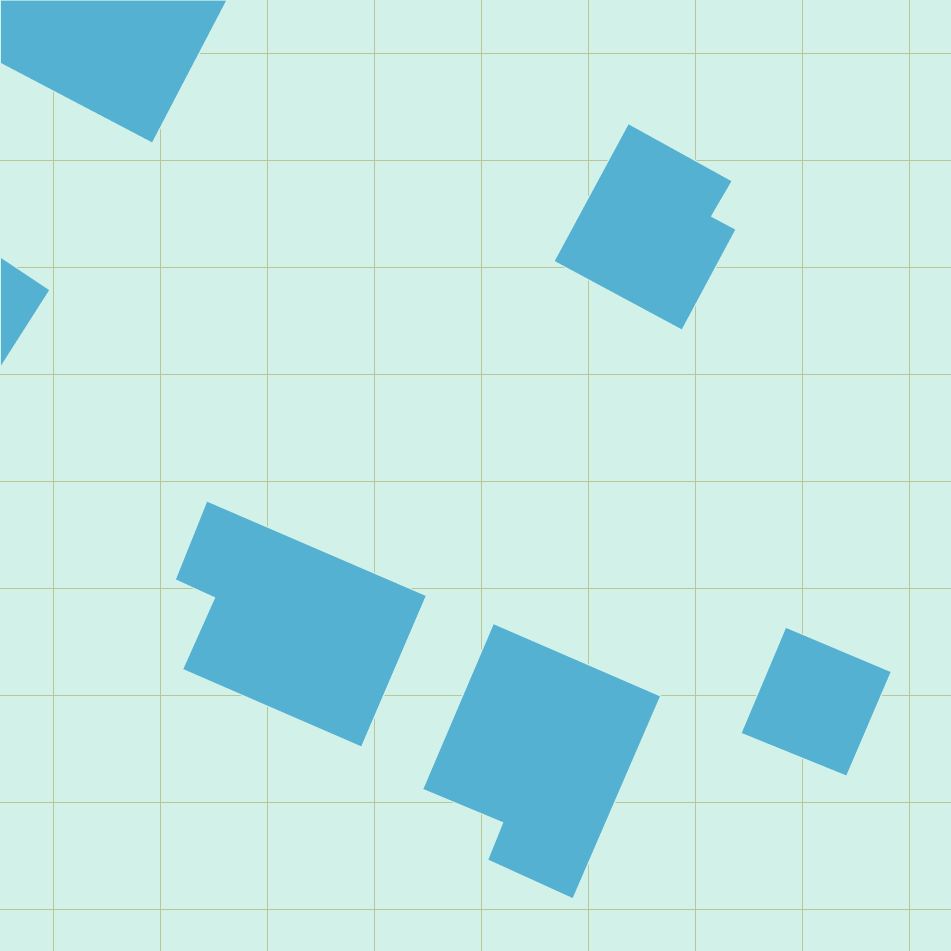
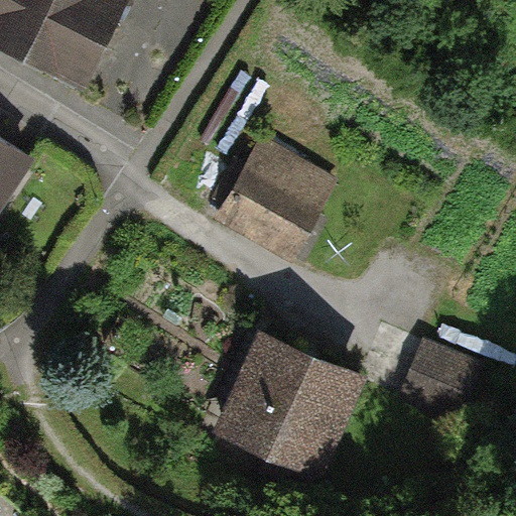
building: [554,123,736,330] -> [225,141,324,253]
building: [175,501,426,747] -> none

